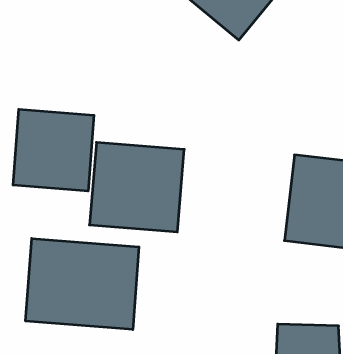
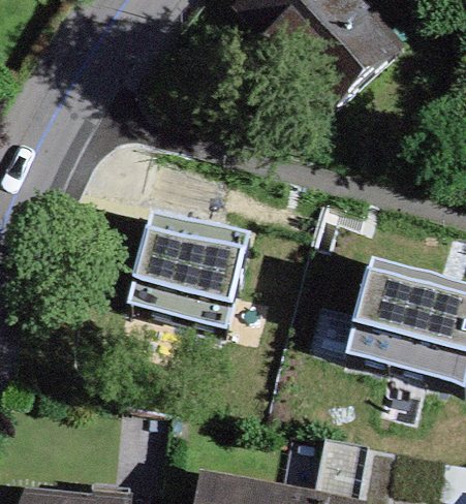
building: [13,109,94,191] -> none
building: [26,238,139,330] -> none

